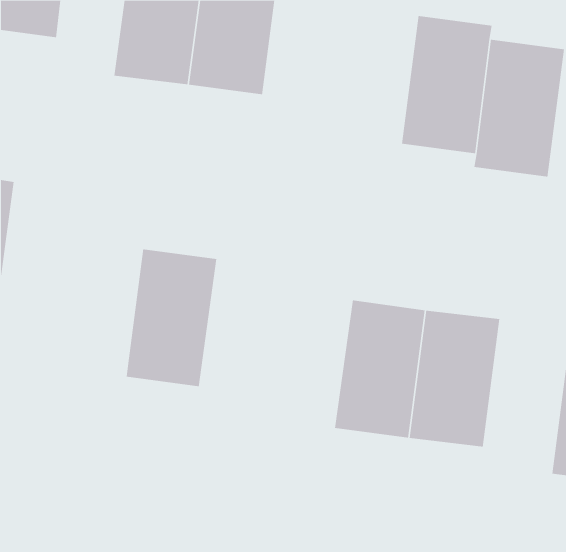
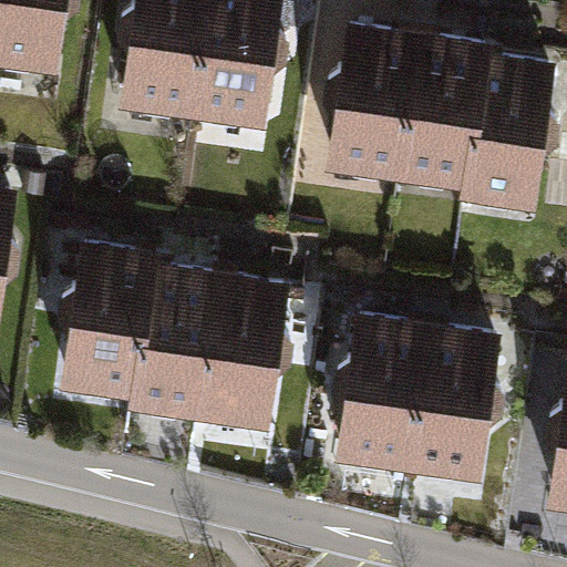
building: none -> [328,23,419,161]
building: none -> [55,244,146,381]
building: none -> [202,275,293,412]

